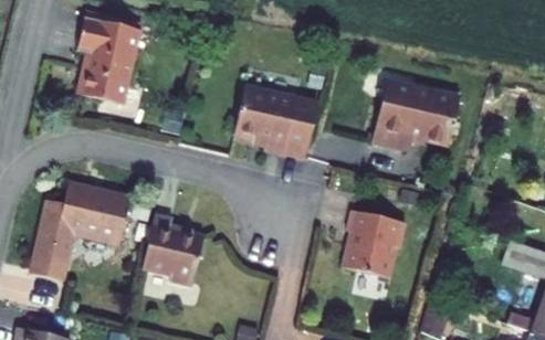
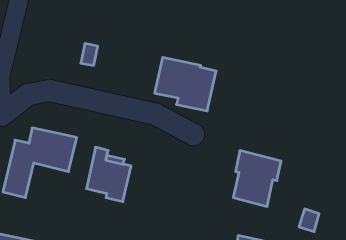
building: [74,21,137,107] -> none
building: [373,82,458,155] -> none

